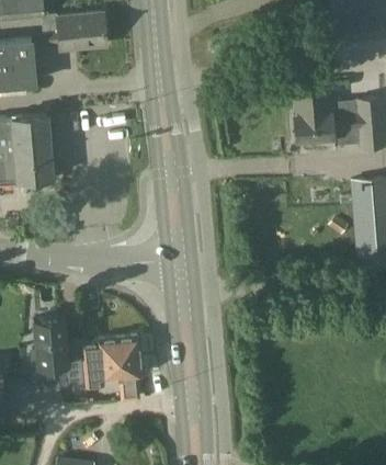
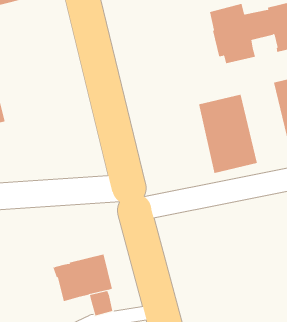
building: none -> [199,94,257,174]
building: [31,316,84,387] -> none

